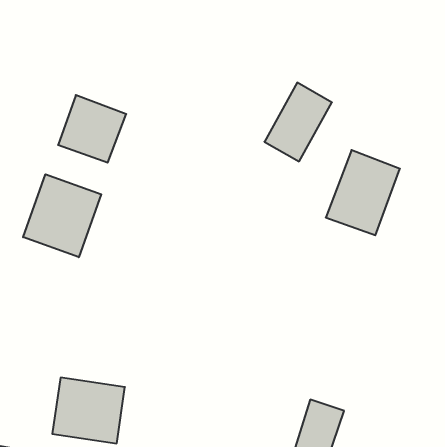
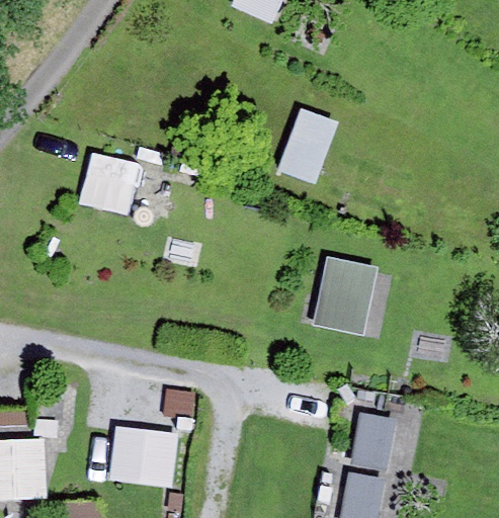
building: [326,150,400,235] -> [313,256,378,335]
building: [23,174,101,257] -> none

